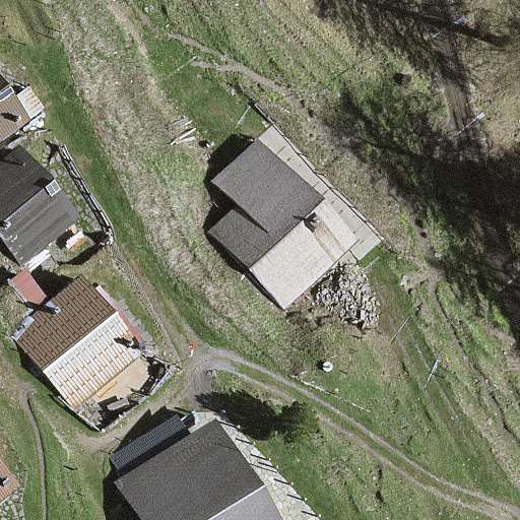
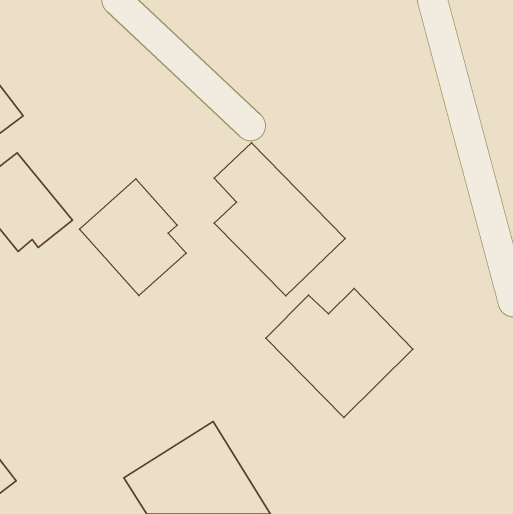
building: [20,281,128,399] -> [80,179,186,296]
building: none -> [266,288,413,418]

